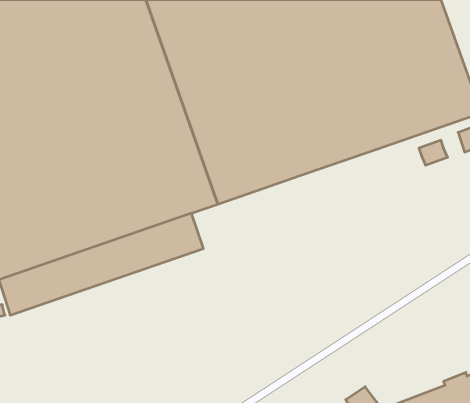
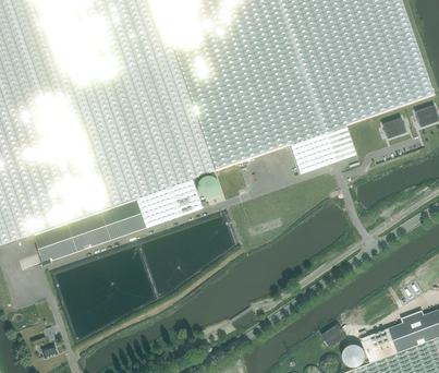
building: none -> [290,125,356,175]

